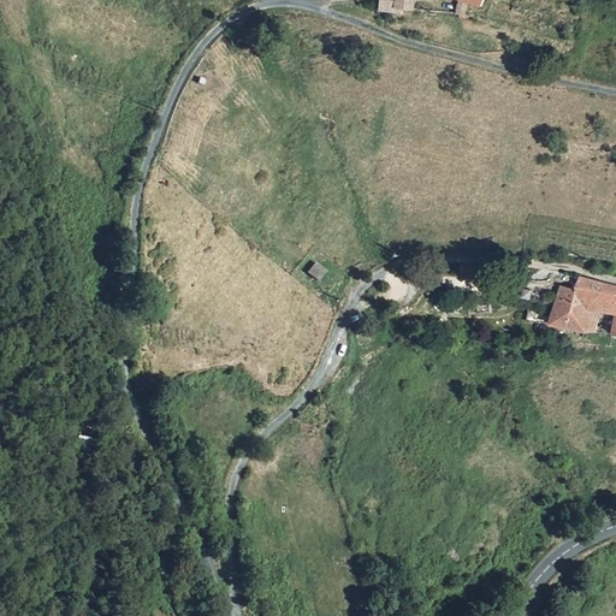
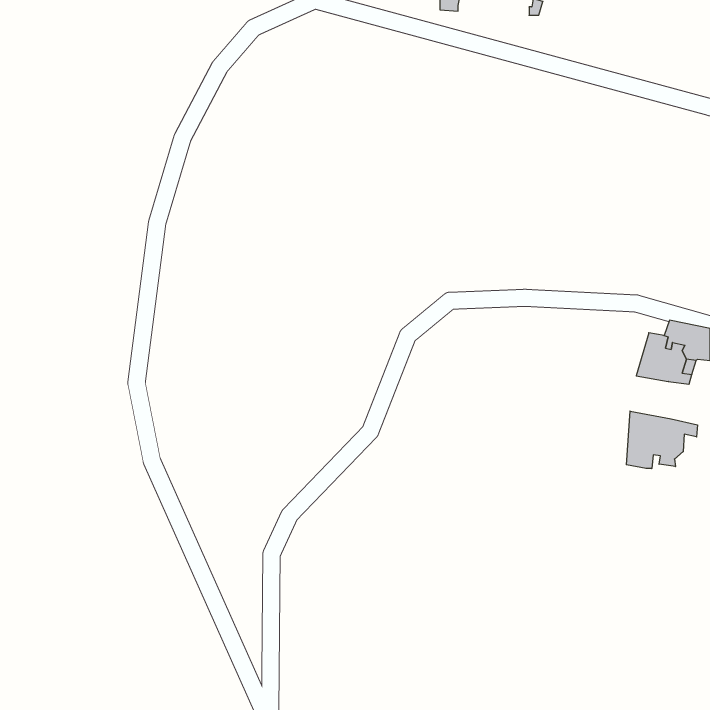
building: none -> [626,411,697,469]

